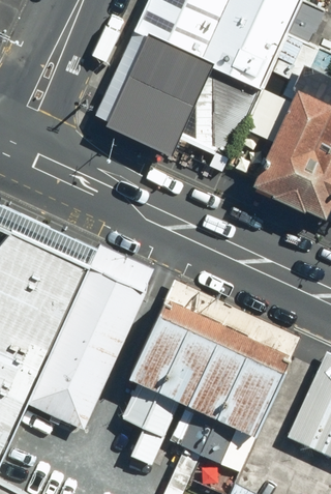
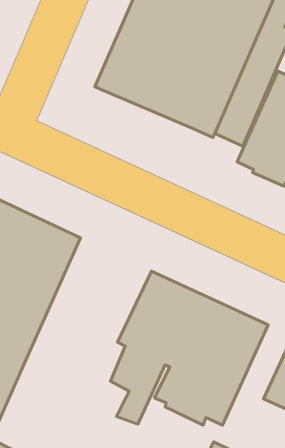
building: [29,264,146,427] -> none

